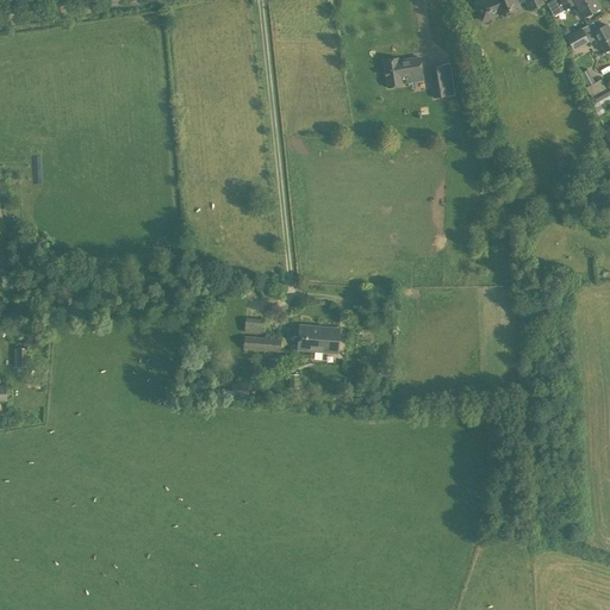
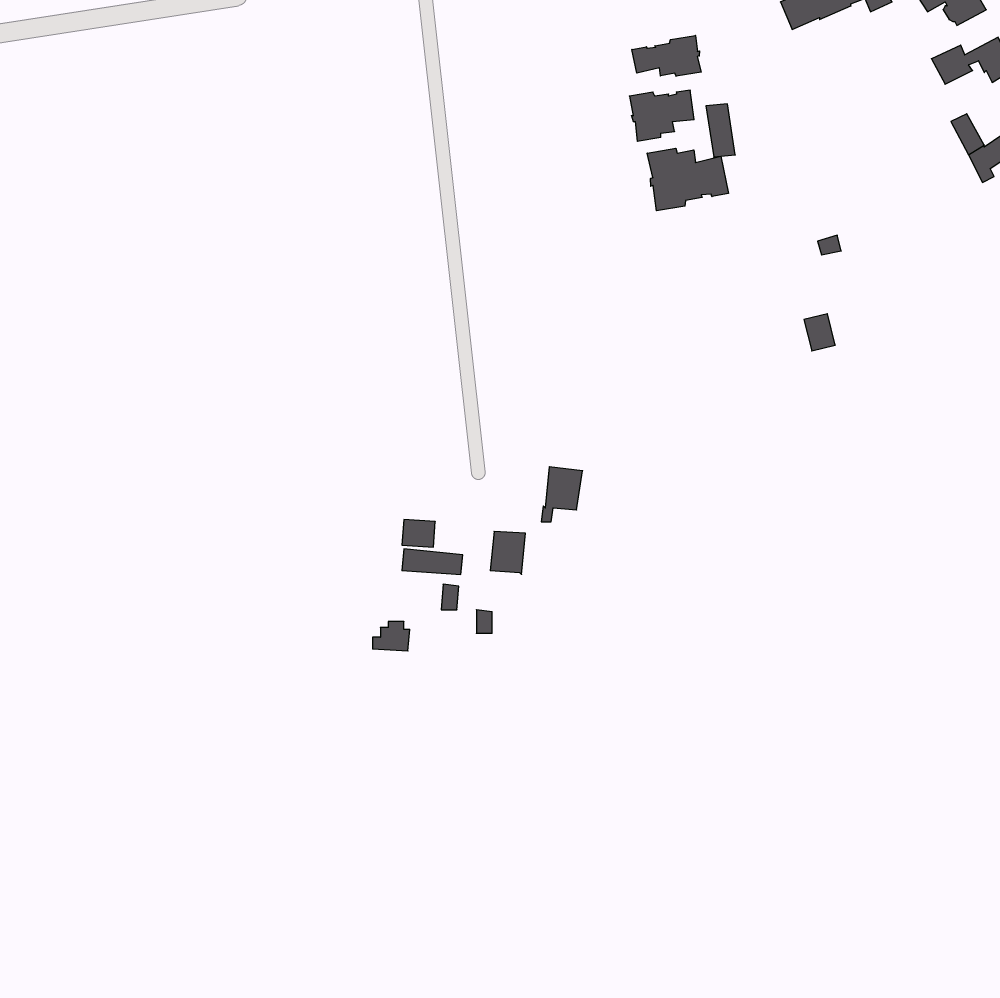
building: none -> [632,35,701,76]
building: none -> [647,148,728,211]
building: [316,324,341,357] -> [541,467,583,522]

